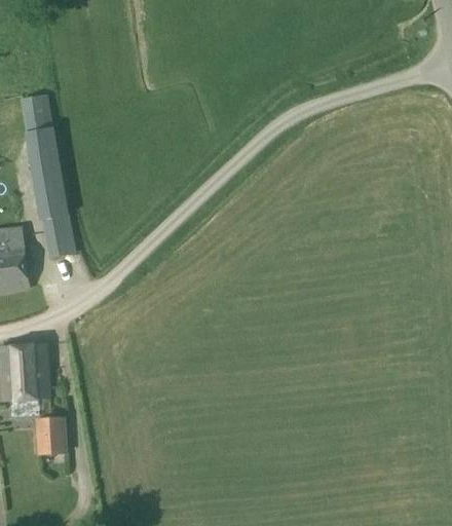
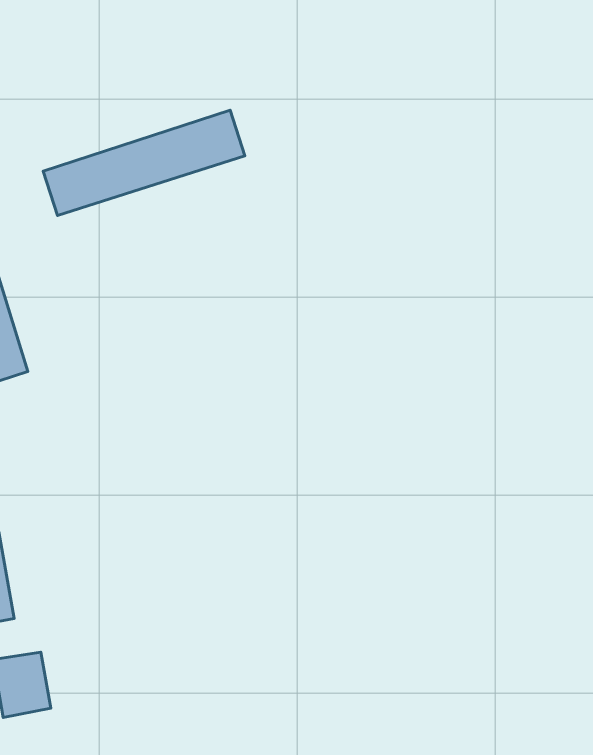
building: none -> [43,110,245,215]

